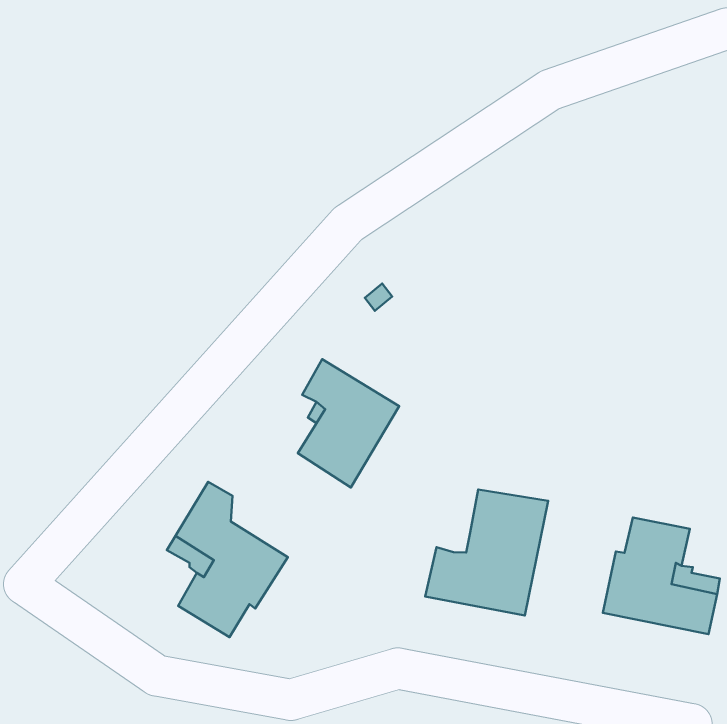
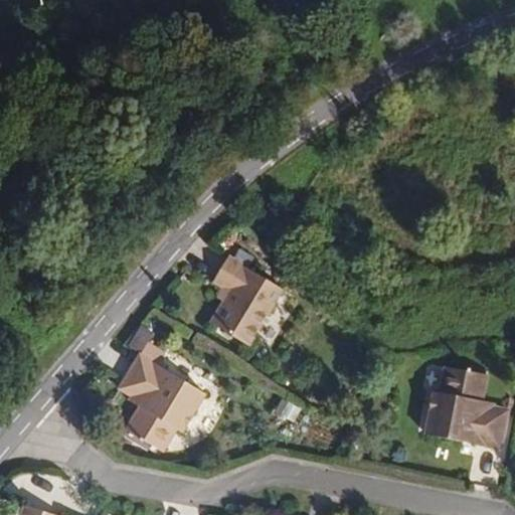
building: [425,490,548,615] -> none

